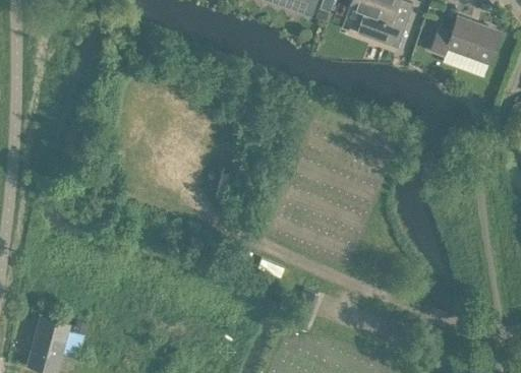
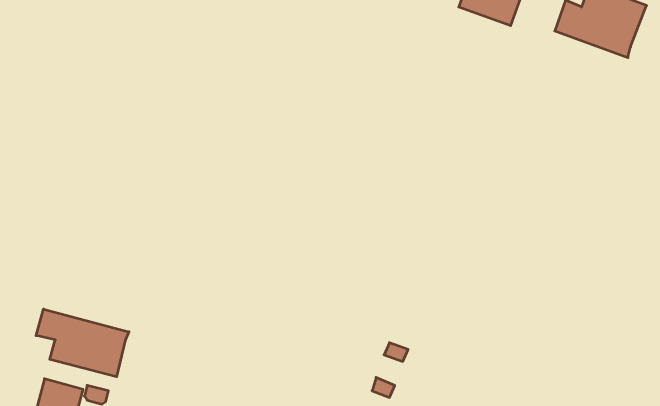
building: none -> [36,309,129,377]

